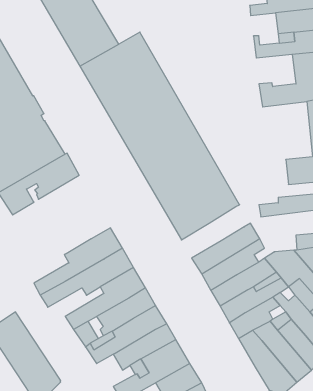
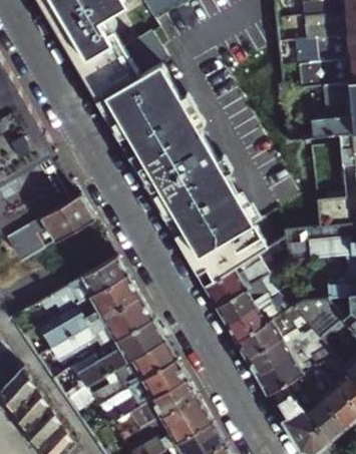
building: none -> [206,240,292,309]
building: none -> [30,258,128,318]

